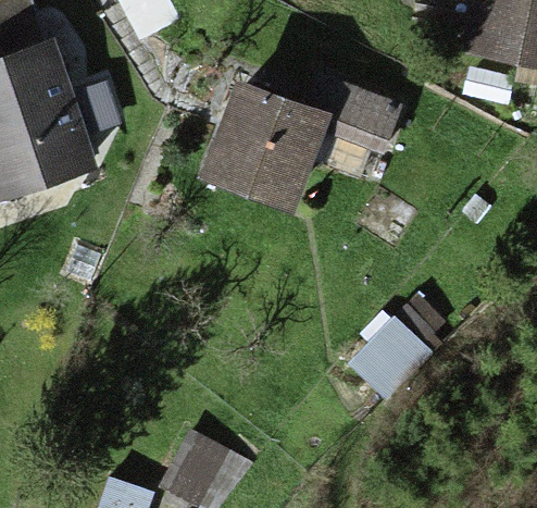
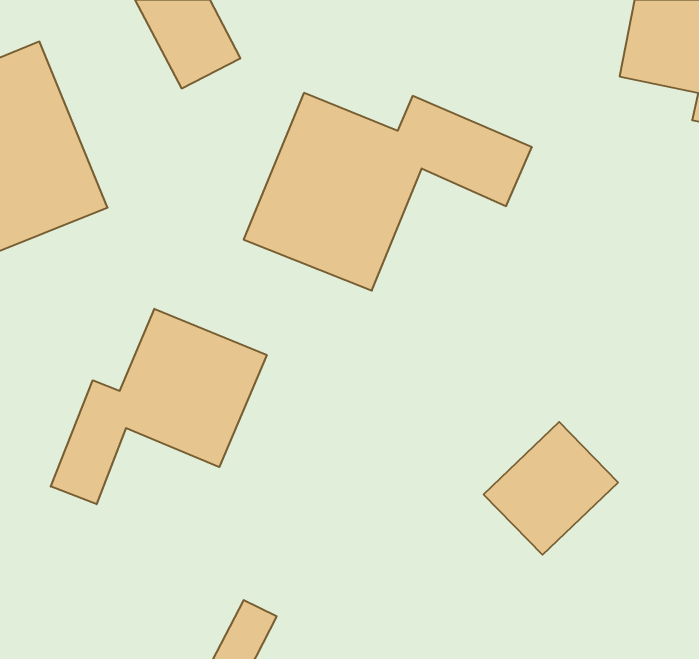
building: none -> [51,309,267,504]

